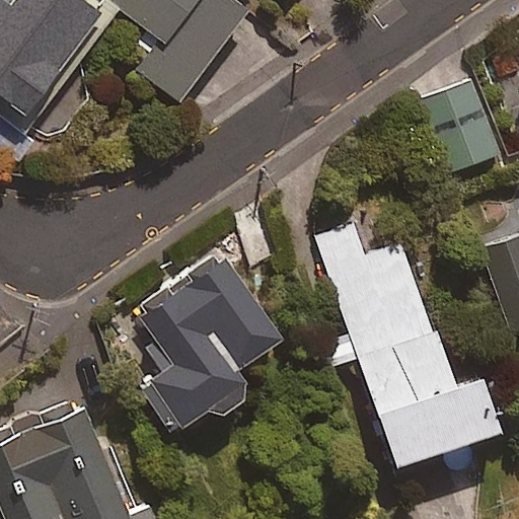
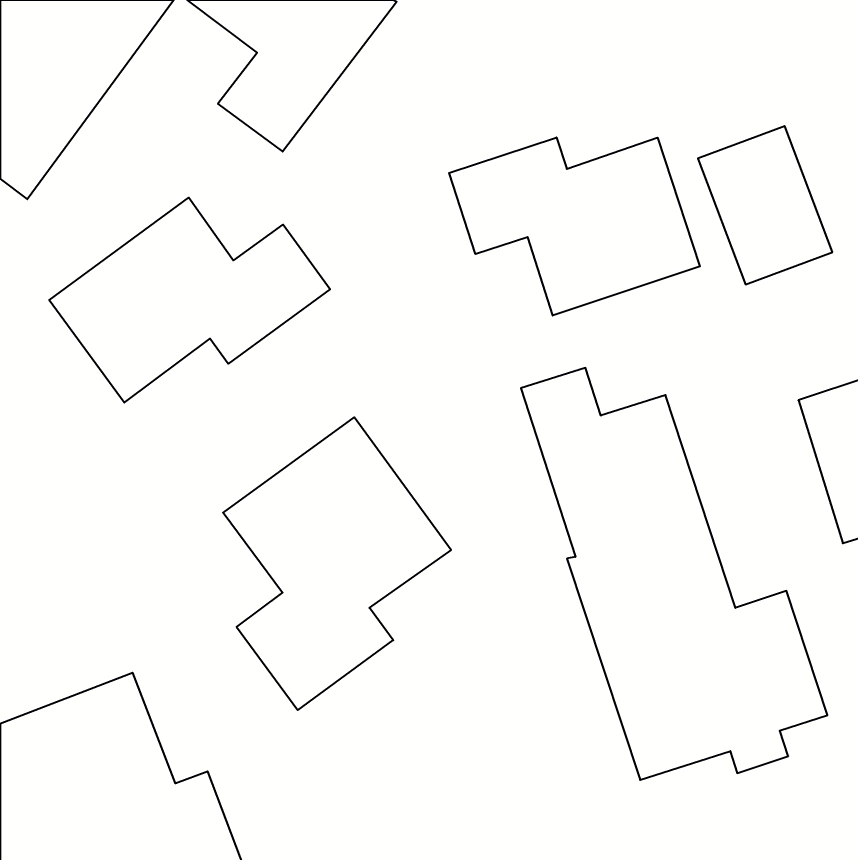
building: none -> [449,137,700,316]
building: none -> [49,198,330,403]

